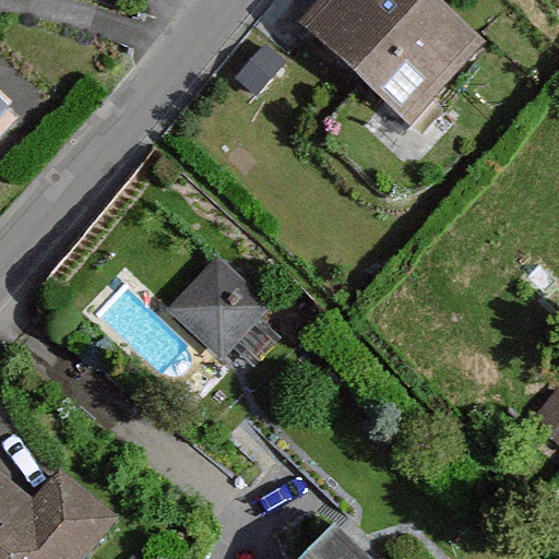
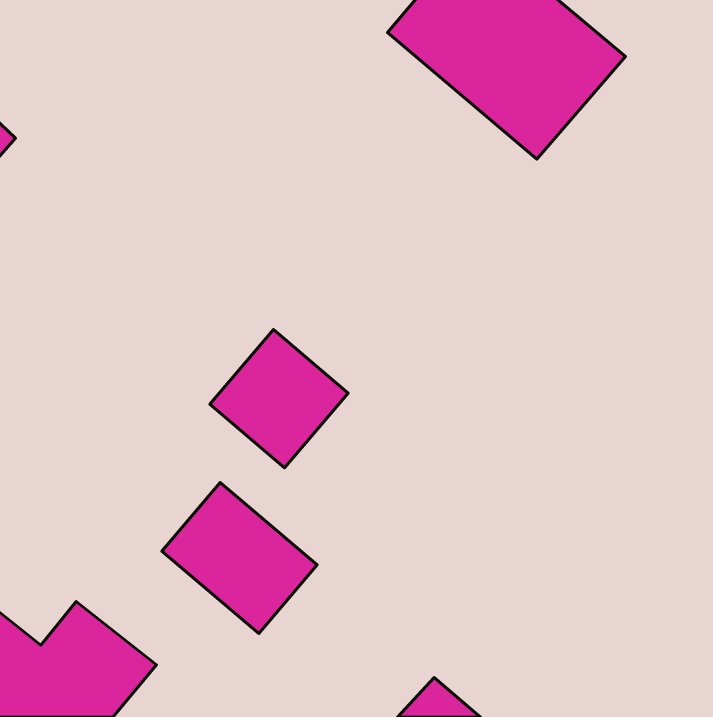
building: none -> [162,483,317,634]

